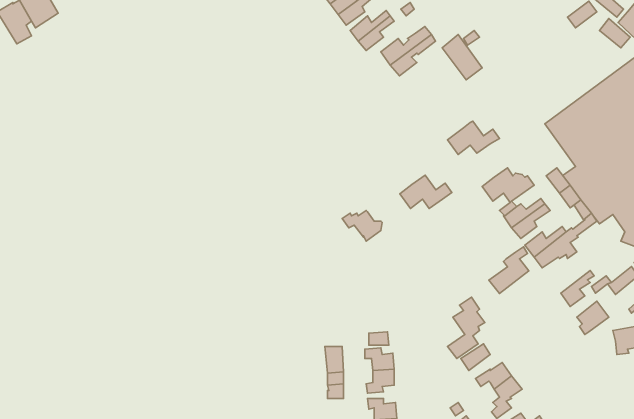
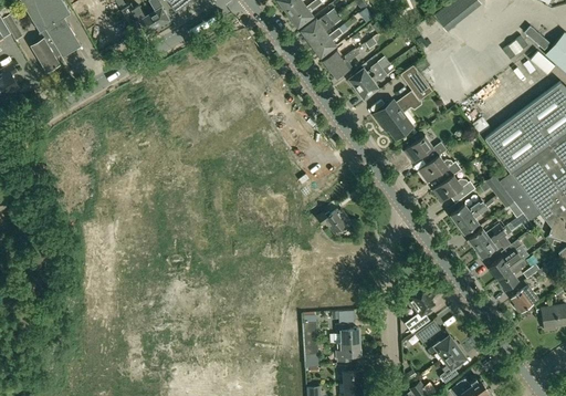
building: none -> [374,98,411,139]
building: [400,175,452,208] -> [418,155,461,183]
building: [489,247,529,294] -> [489,240,522,279]

